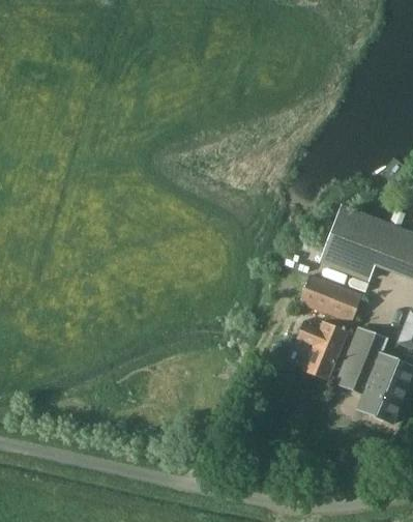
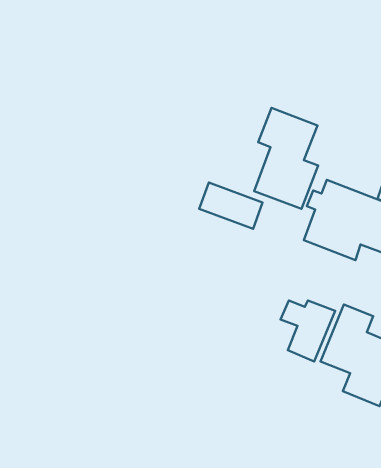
building: none -> [254,108,318,209]
building: [298,274,360,320] -> [199,182,263,229]

